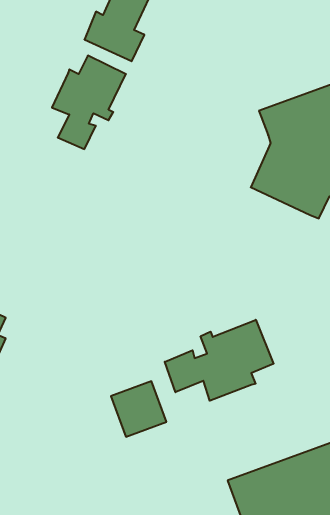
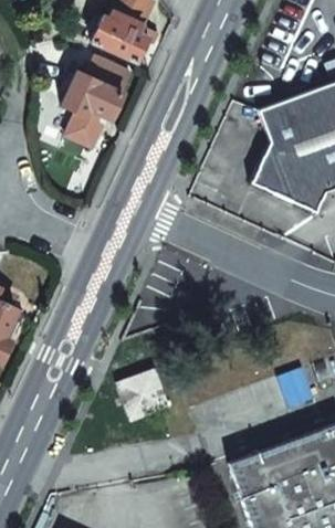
building: [165,320,274,401] -> none

